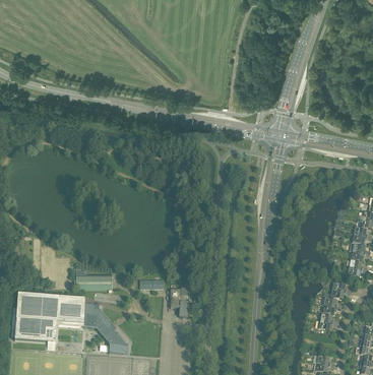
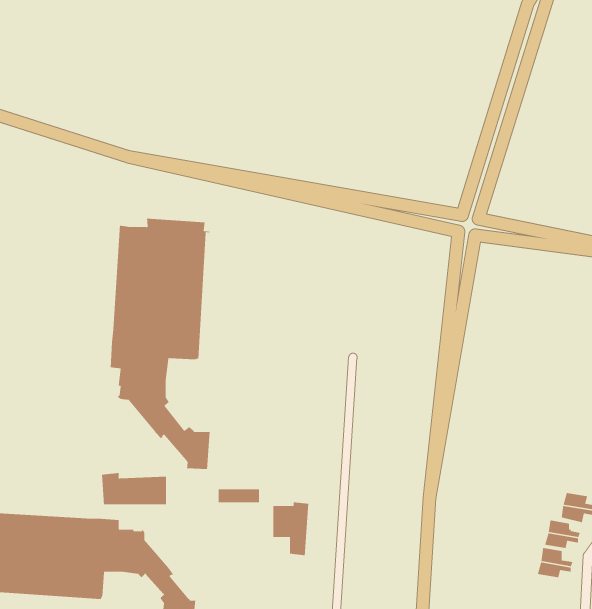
building: none -> [110,218,211,470]

